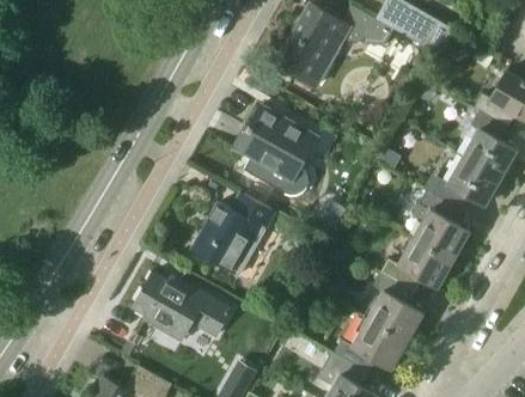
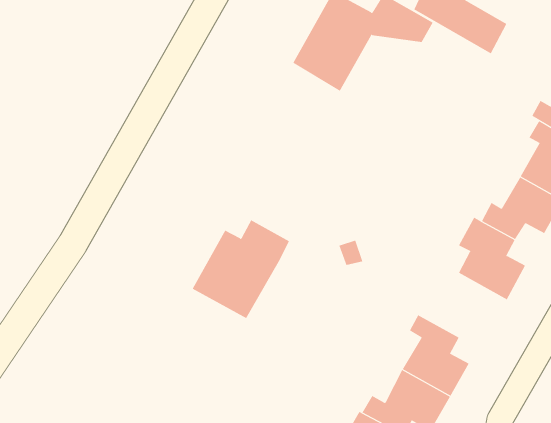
building: [237,105,317,196] -> none
building: [380,238,454,292] -> none
building: [133,271,231,336] -> none

